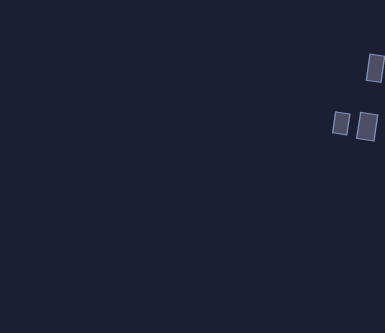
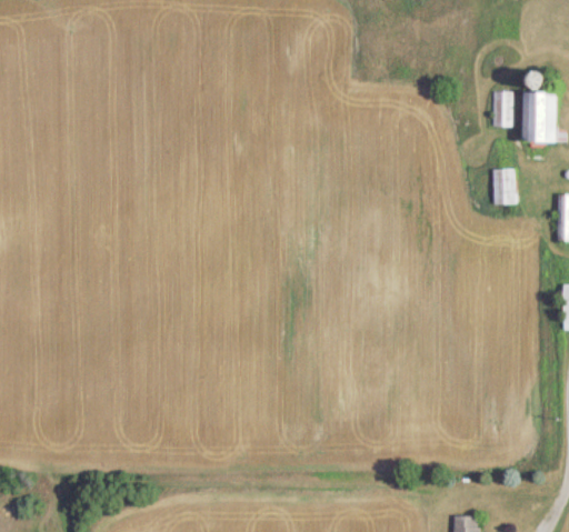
building: [333,112,350,135] -> none

